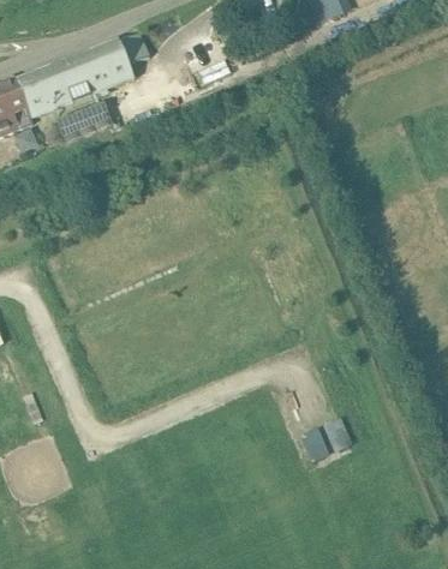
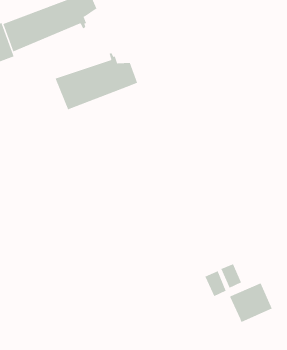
building: none -> [55,52,138,110]
building: none -> [229,283,272,323]

